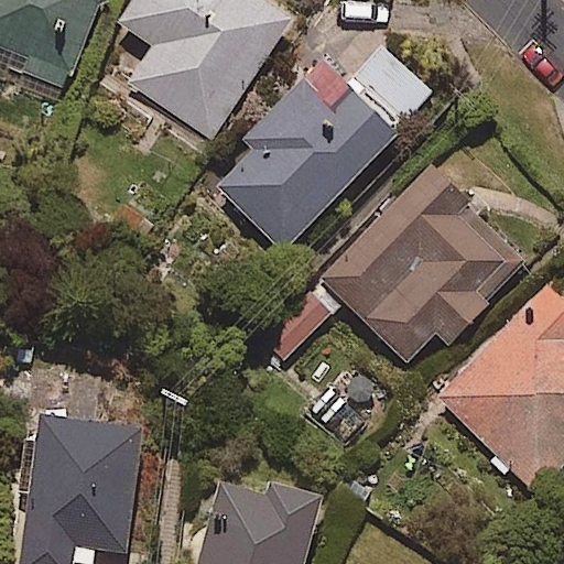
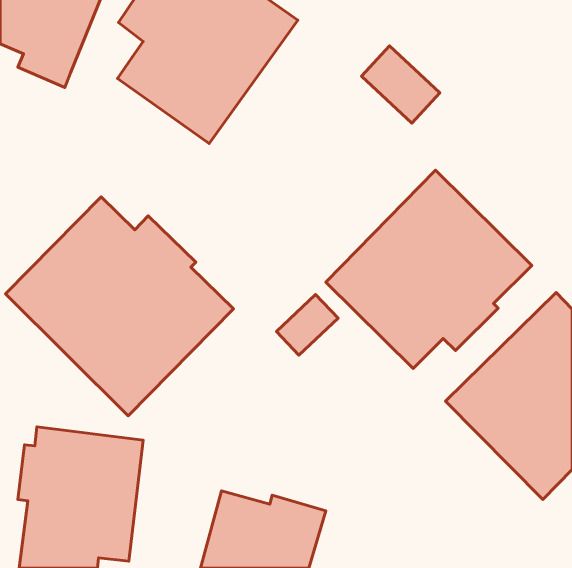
building: [215,61,398,251] -> none
building: none -> [6,197,233,416]

